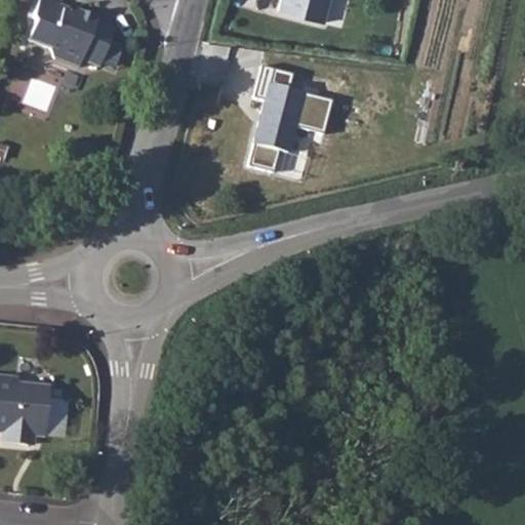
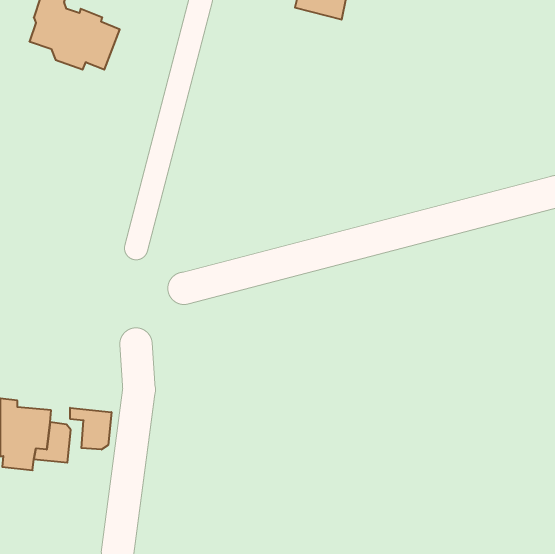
building: [251,64,332,163] -> none
building: none -> [70,408,111,450]

